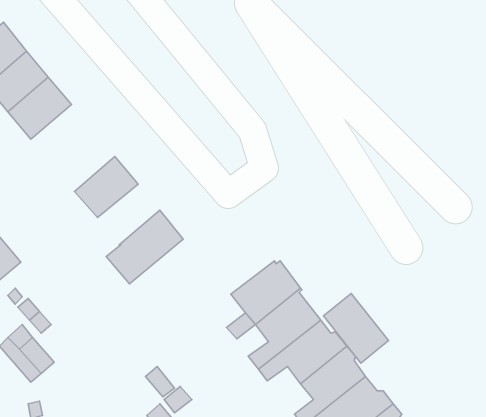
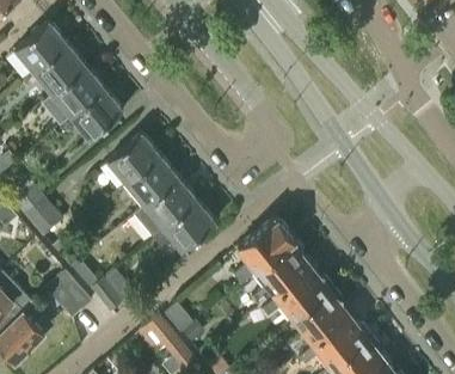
building: none -> [72,90,123,140]
building: none -> [127,155,178,206]
building: none -> [153,201,216,251]
building: [323,293,389,363] -> none
building: none -> [91,270,134,312]

